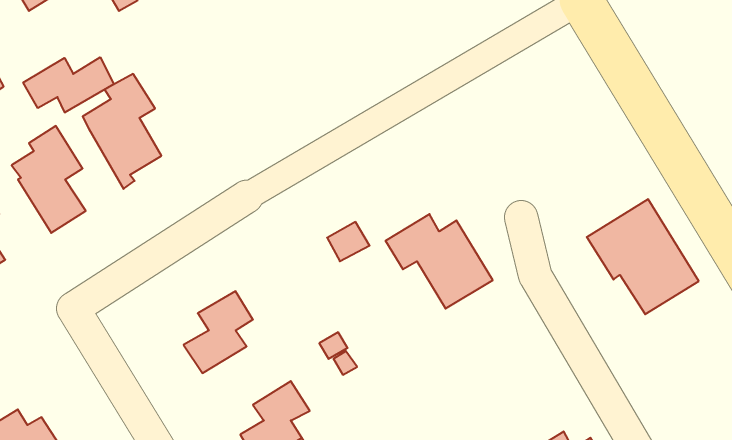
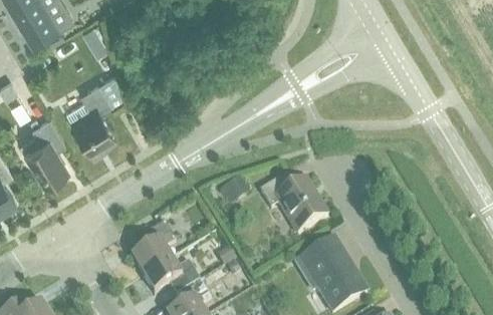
building: [23,57,114,113] -> none
building: [587,199,699,314] -> [294,235,365,308]
building: none -> [142,254,198,291]

